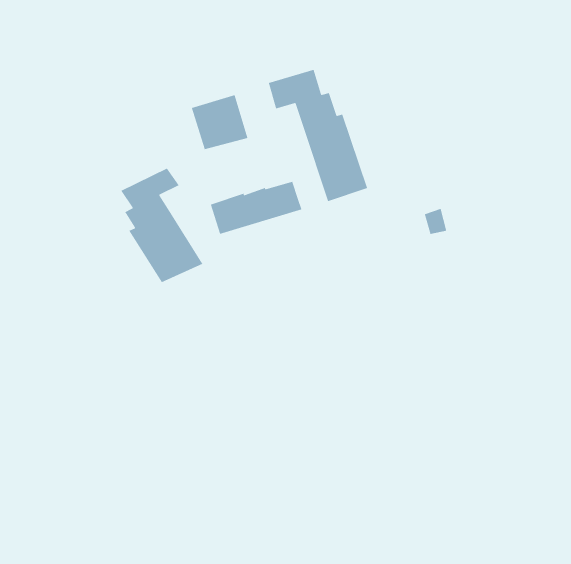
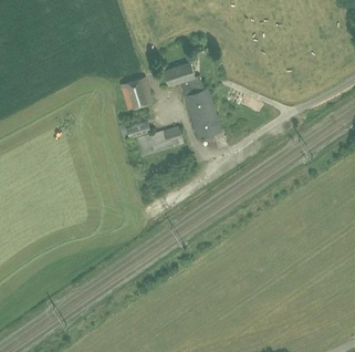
building: [120,168,204,283] -> none

